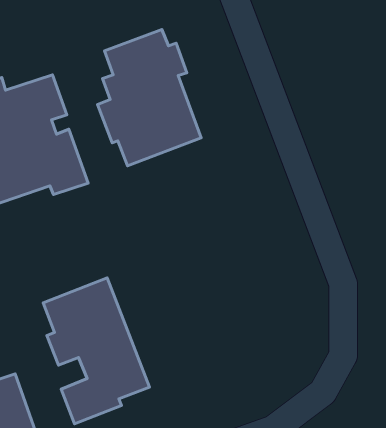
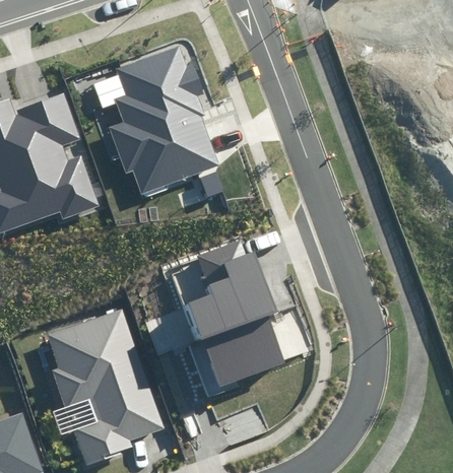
building: none -> [167,243,287,395]

